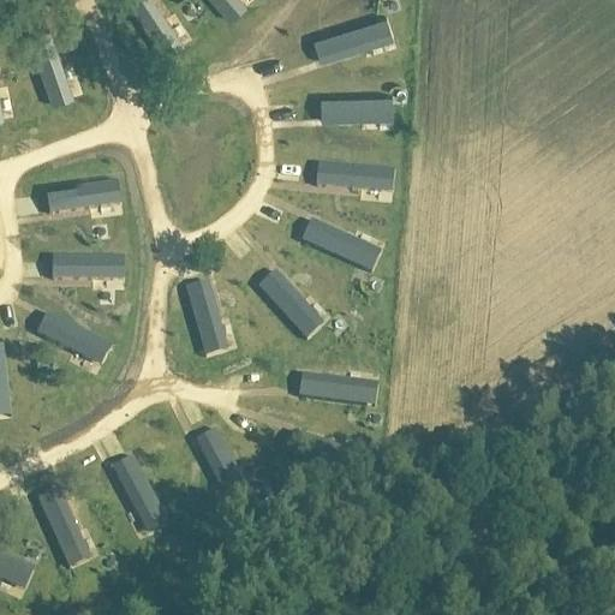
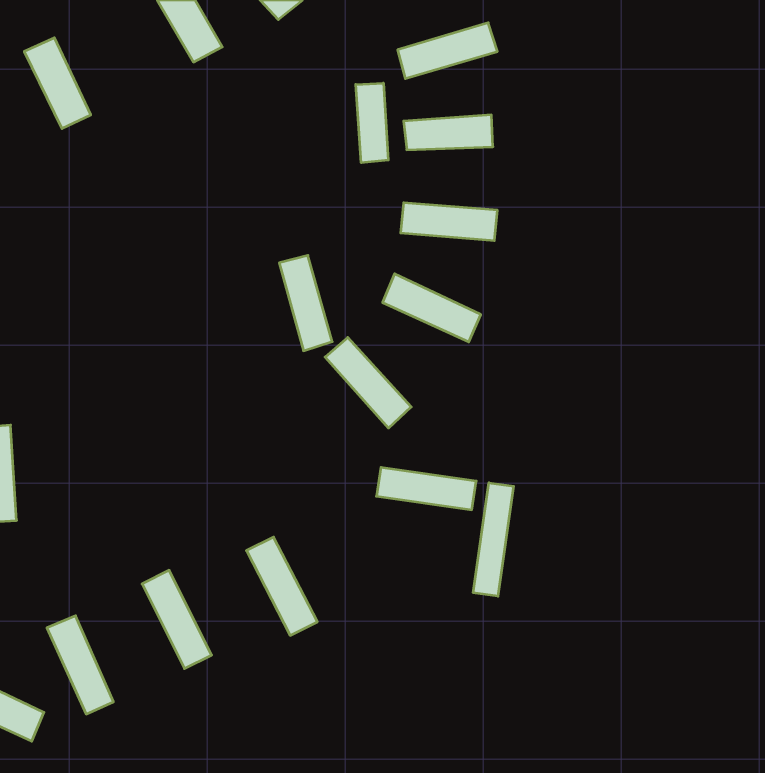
building: none -> [356,83,388,163]
building: [48,177,126,211] -> none
building: [50,252,126,277] -> none
building: [186,279,228,354] -> [279,255,332,351]
building: [37,312,113,364] -> none
building: none -> [473,483,514,596]

